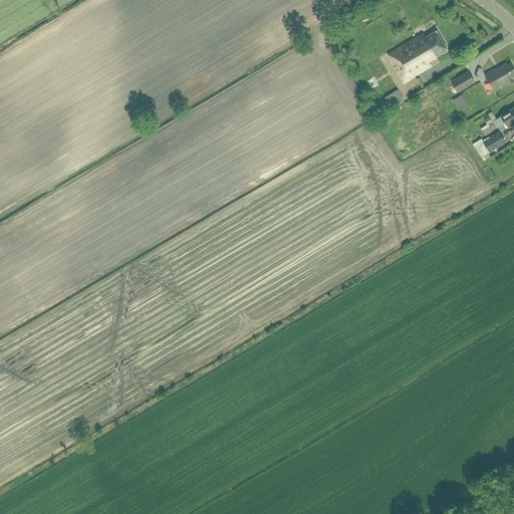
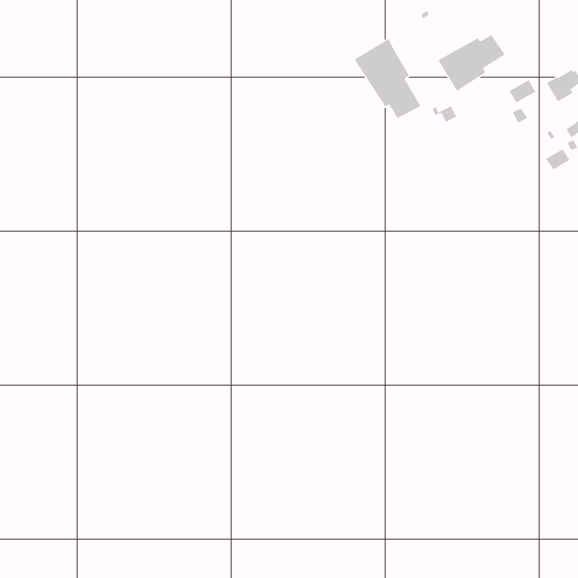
building: none -> [354,38,421,119]

